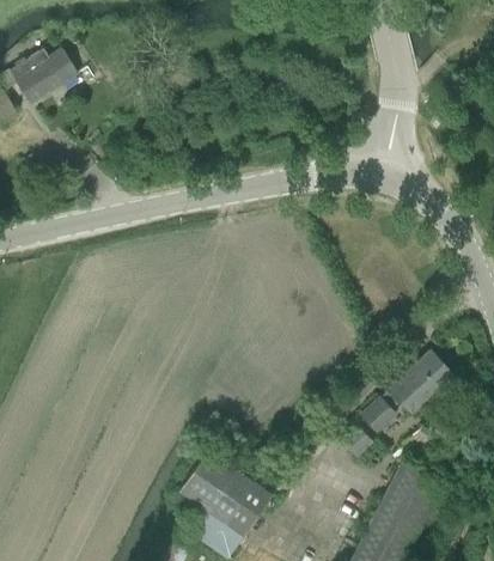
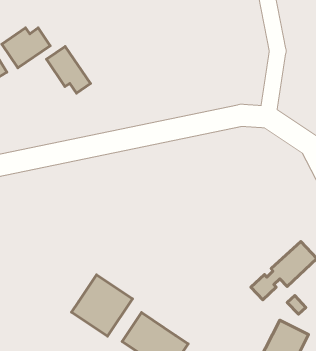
building: none -> [46,46,90,93]
building: none -> [71,275,133,336]

